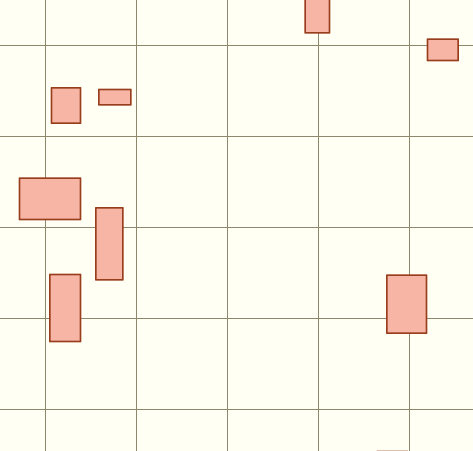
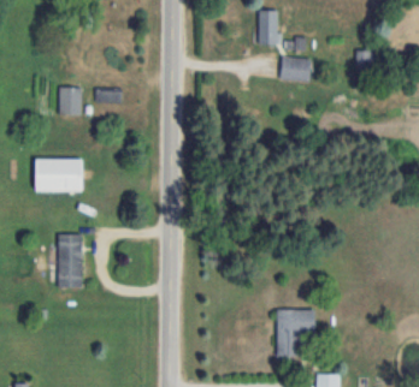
building: none -> [279,56,311,81]
building: [96,208,123,280] -> none
building: [387,275,427,333] -> [276,310,307,356]

